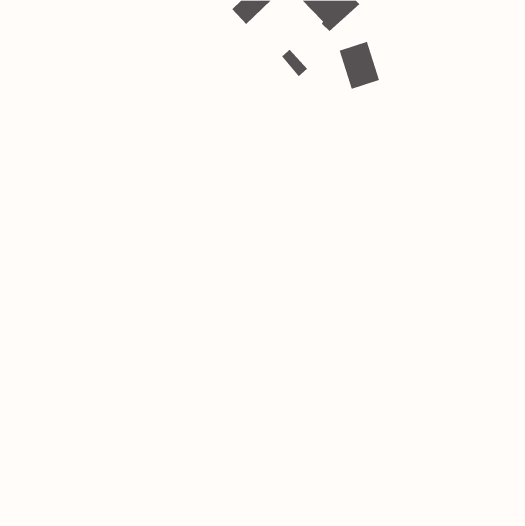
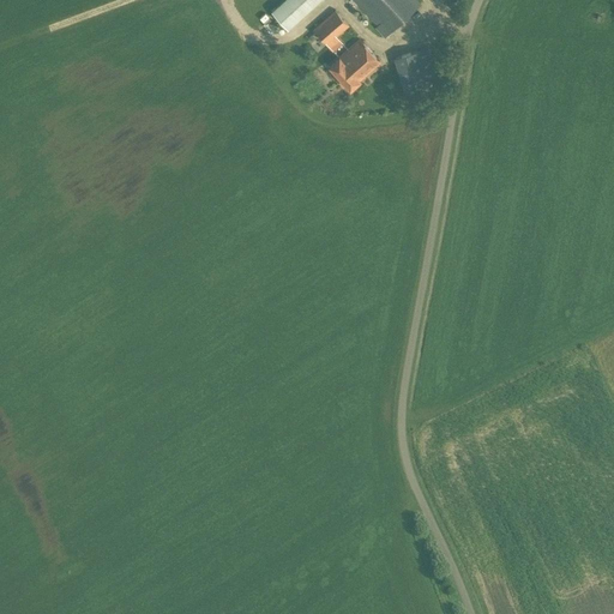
building: none -> [312,10,348,44]
building: none -> [338,40,379,80]

